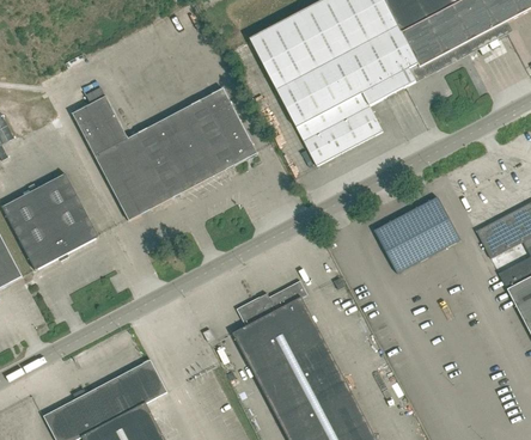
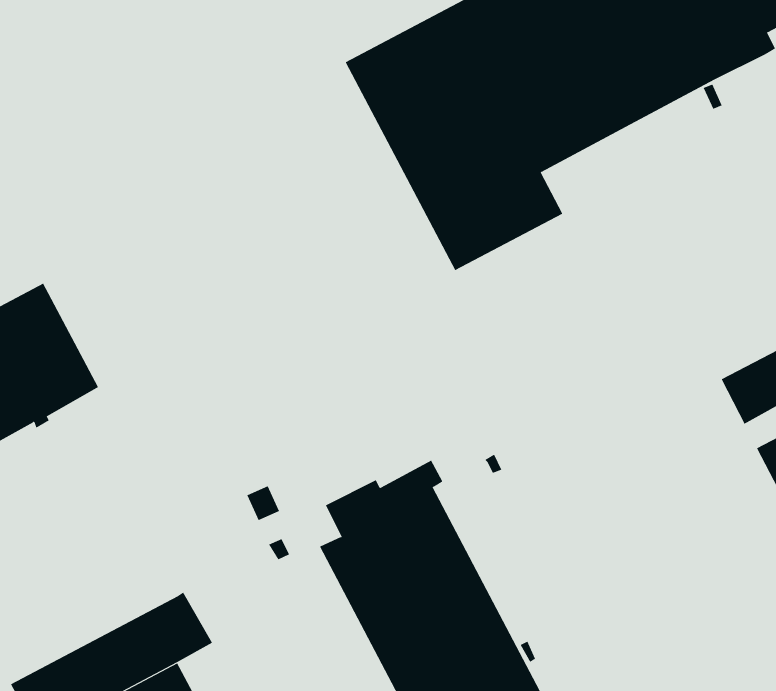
building: [71,87,257,220] -> none
building: [373,196,459,273] -> none

